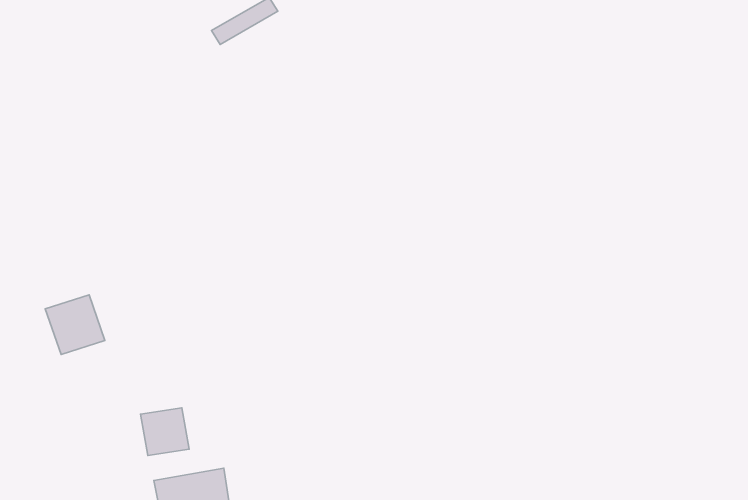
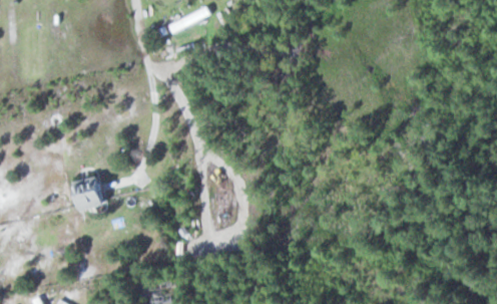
building: [141,408,189,455] -> none

